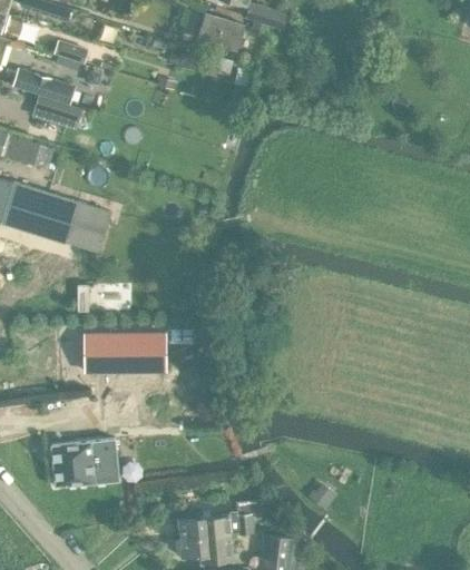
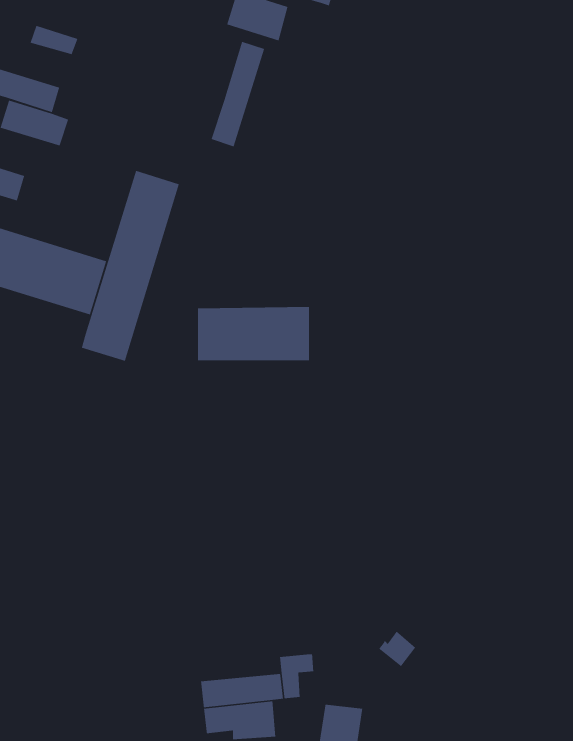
building: none -> [211,41,265,147]
building: none -> [81,170,180,362]
building: [84,333,166,373] -> [197,306,310,361]
building: [50,439,116,487] -> none

